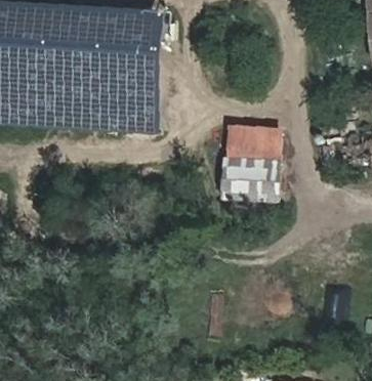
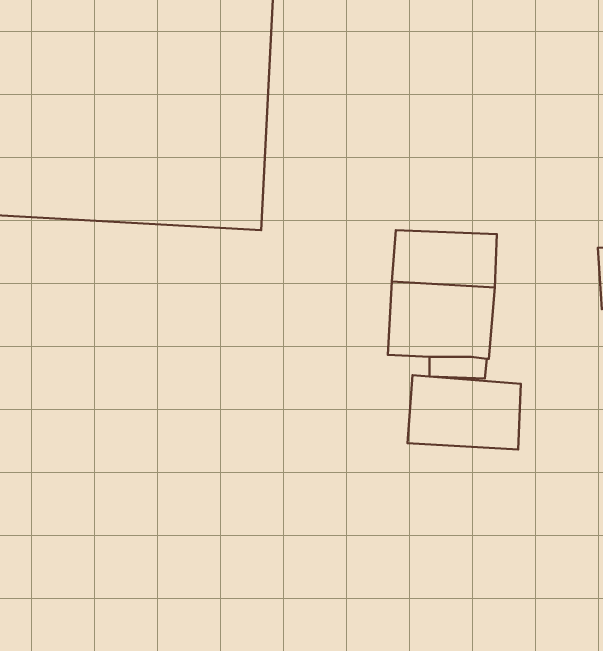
building: none -> [408,375,521,450]

